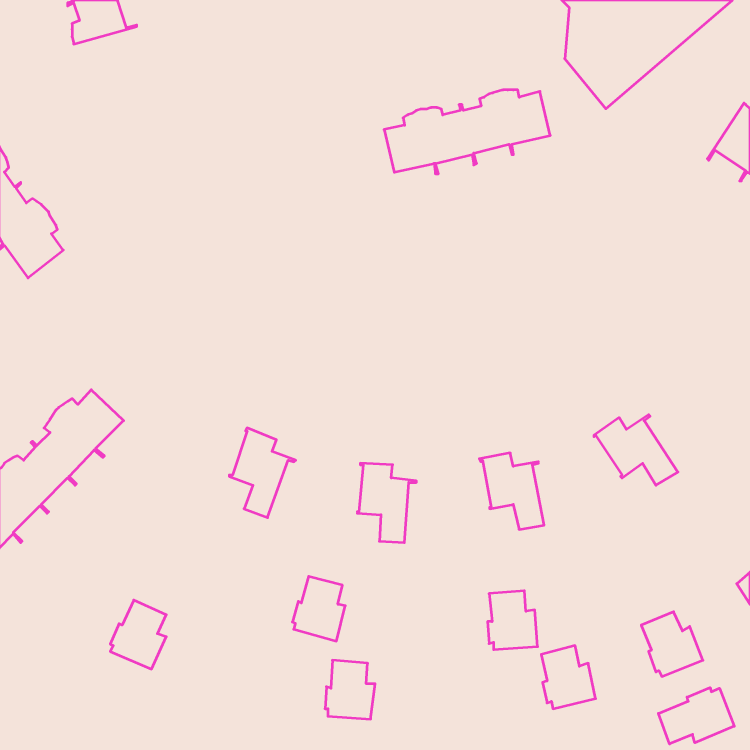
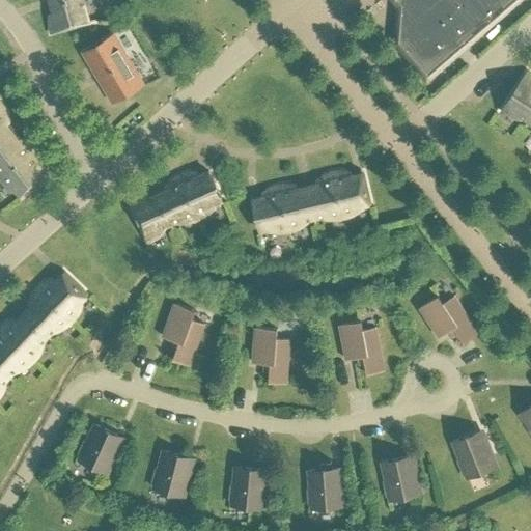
building: none -> [85,36,140,102]
building: [384,90,550,174] -> [252,174,369,233]
building: none -> [130,174,223,243]
building: [292,576,345,641] -> [151,451,189,497]
building: [488,591,538,650] -> [307,468,342,509]
building: [658,688,734,744] -> none

